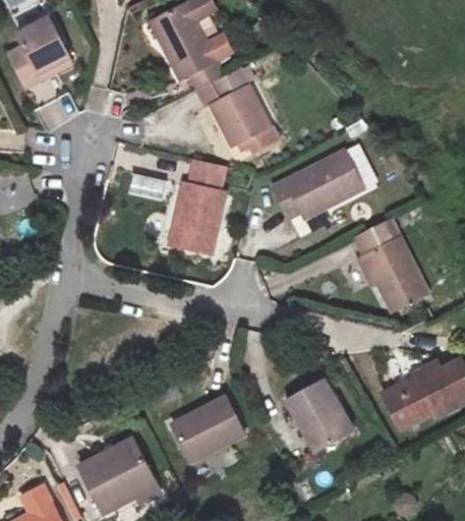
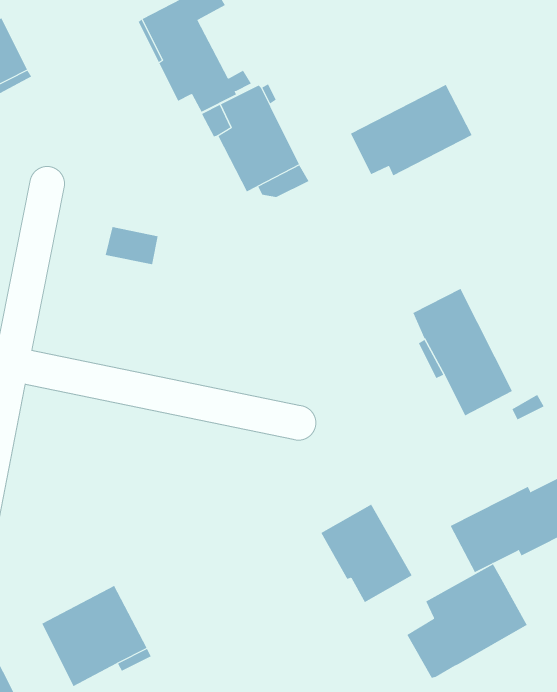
building: [273,150,363,218] -> [350,84,472,176]
building: [170,159,225,253] -> none
building: [172,396,245,461] -> none
building: none -> [406,563,528,678]

